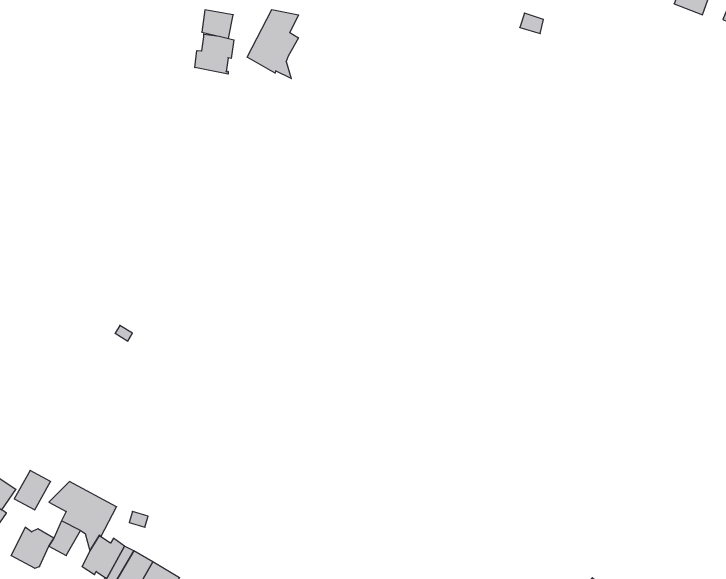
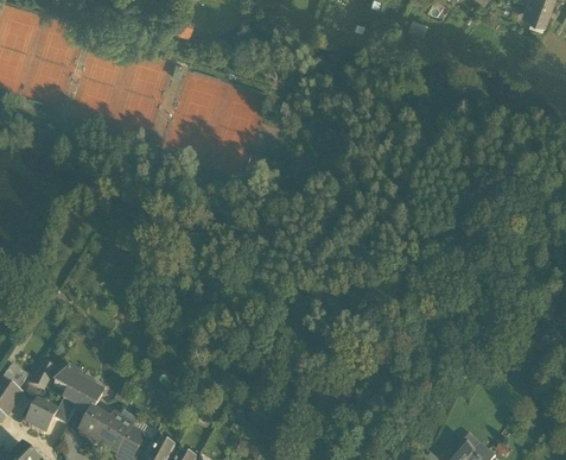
building: [247,10,299,79] -> none
building: [195,34,234,74] -> none

